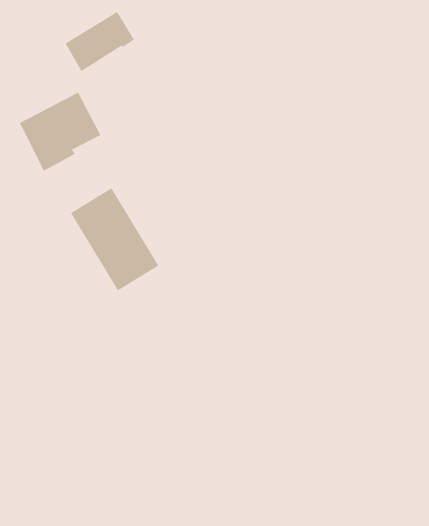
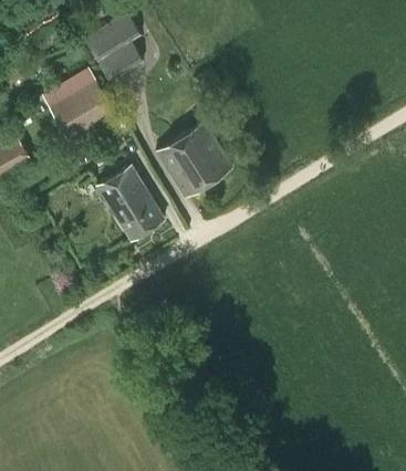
building: none -> [98,40,145,82]
building: none -> [157,122,229,195]

